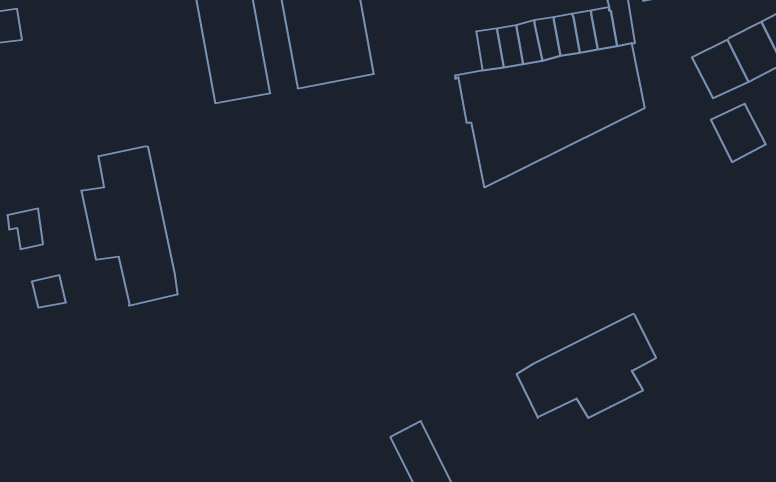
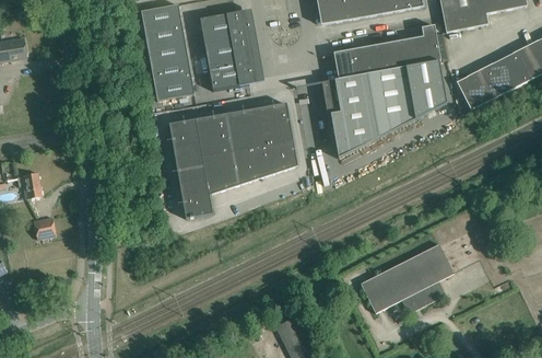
building: [711,104,766,162] -> [456,69,493,108]
building: none -> [169,102,297,217]
building: [81,146,178,306] -> none

